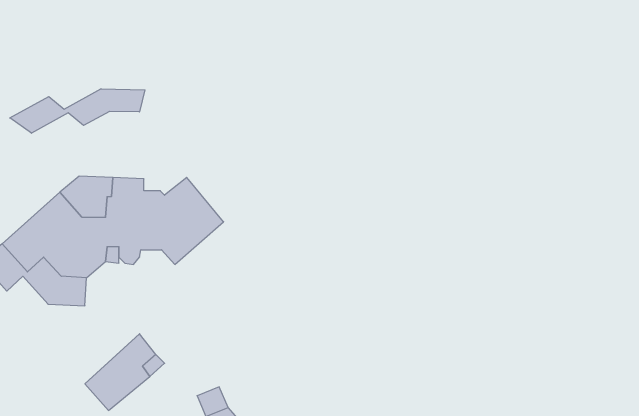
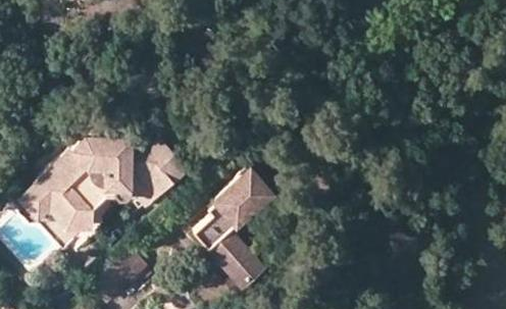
building: [10,89,145,133] -> none
building: none -> [193,169,272,289]

